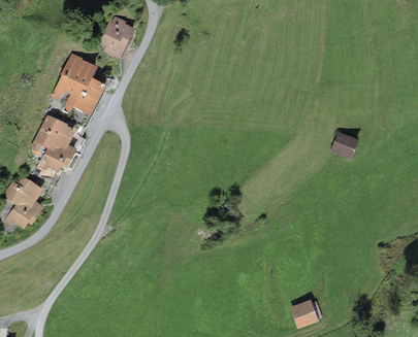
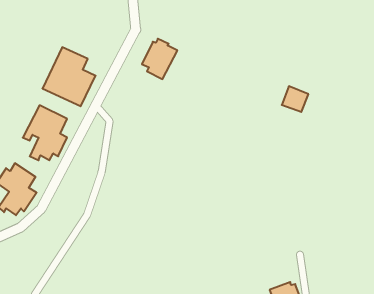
building: [98,16,135,59] -> [142,39,177,79]
building: [330,132,358,159] -> [282,86,308,112]

